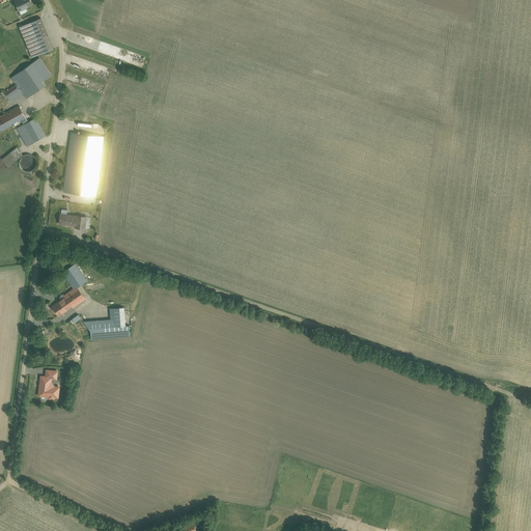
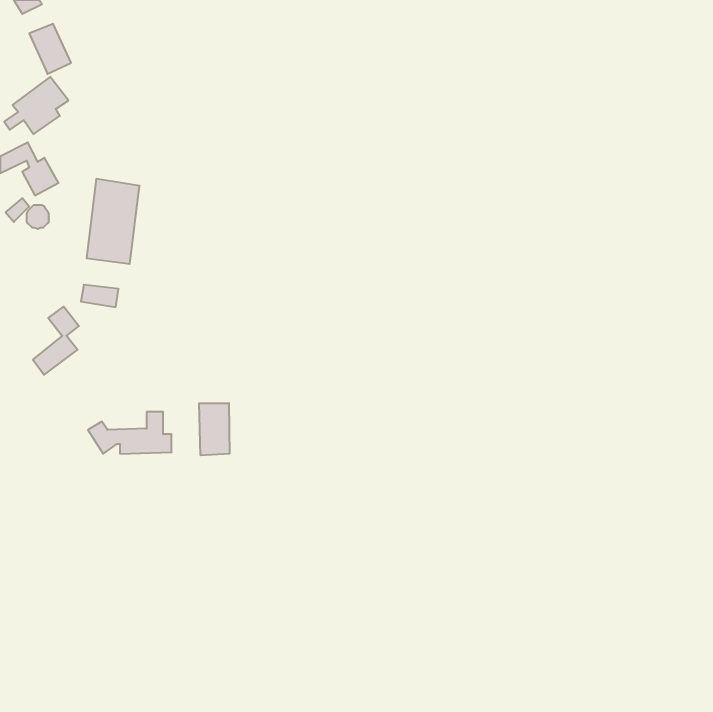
building: [50,266,84,316] -> [33,307,79,375]
building: none -> [199,403,230,455]
building: [40,372,61,401] -> none

